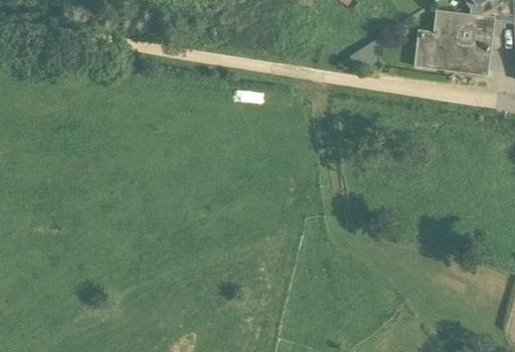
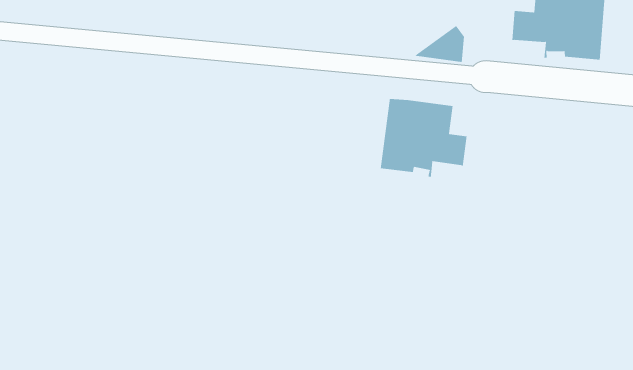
building: none -> [380,98,467,178]

